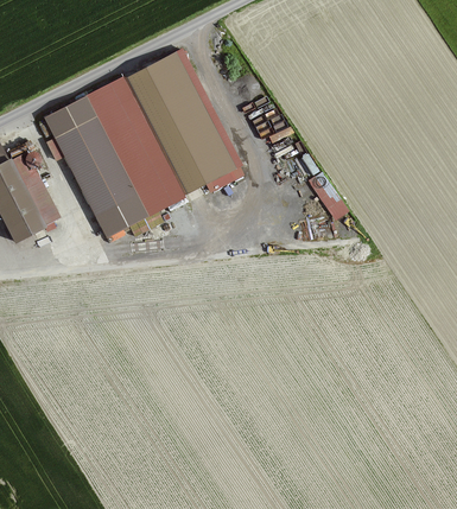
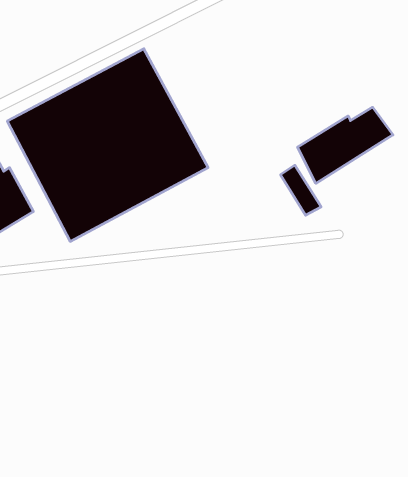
building: none -> [298,107,393,183]

